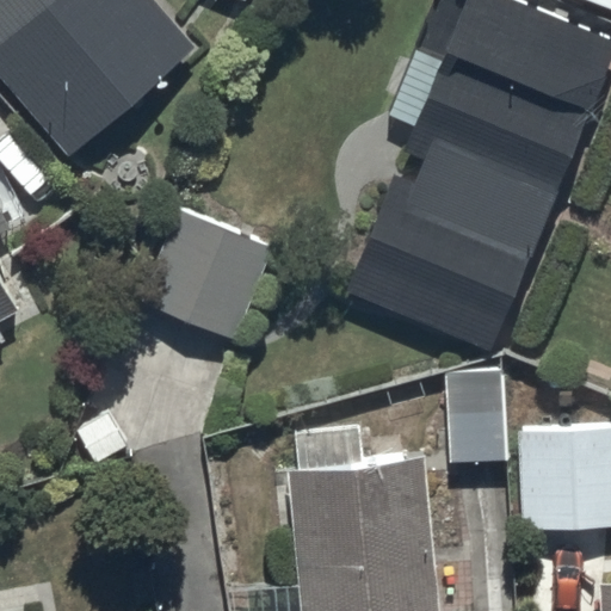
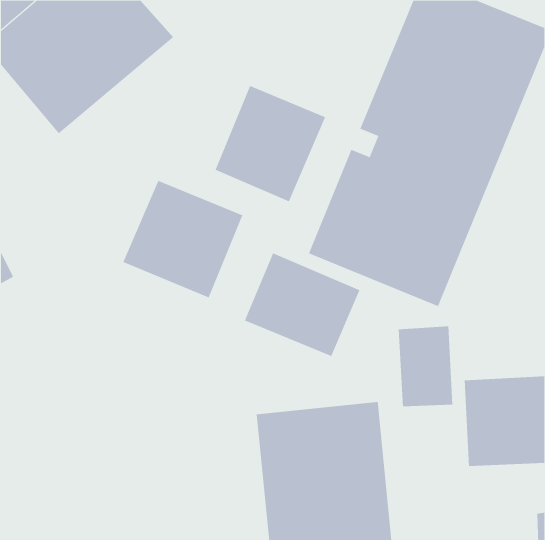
building: none -> [215,85,326,202]
building: none -> [244,253,360,357]

